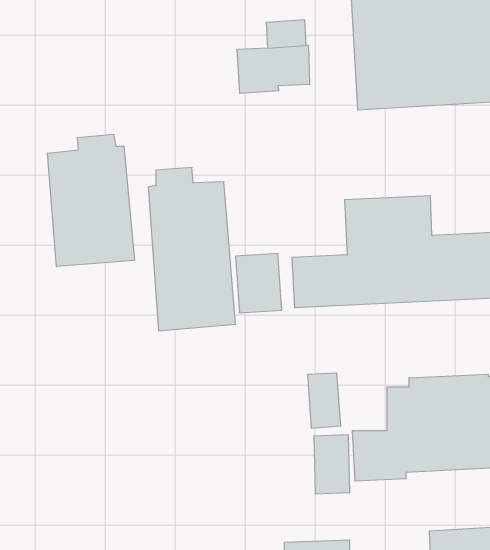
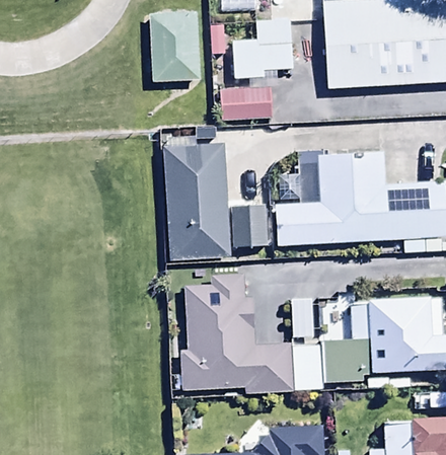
building: none -> [148,12,199,84]
building: none -> [218,87,269,120]
building: [47,134,134,267] -> none
building: none -> [180,274,292,396]

